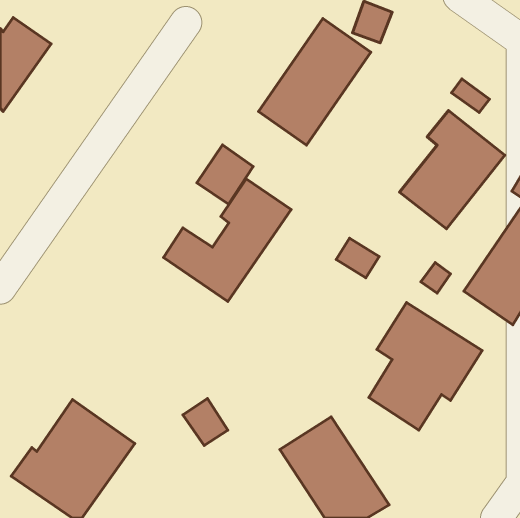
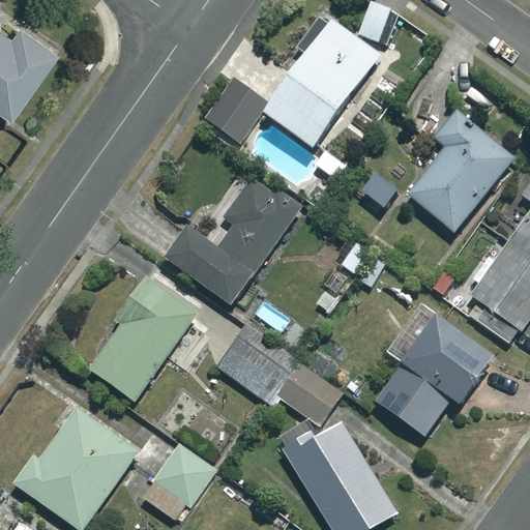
building: [197,145,253,204] -> [209,81,266,141]
building: none -> [88,277,197,401]
building: none -> [217,325,294,400]
building: none -> [279,362,342,423]
building: none -> [144,444,215,521]

